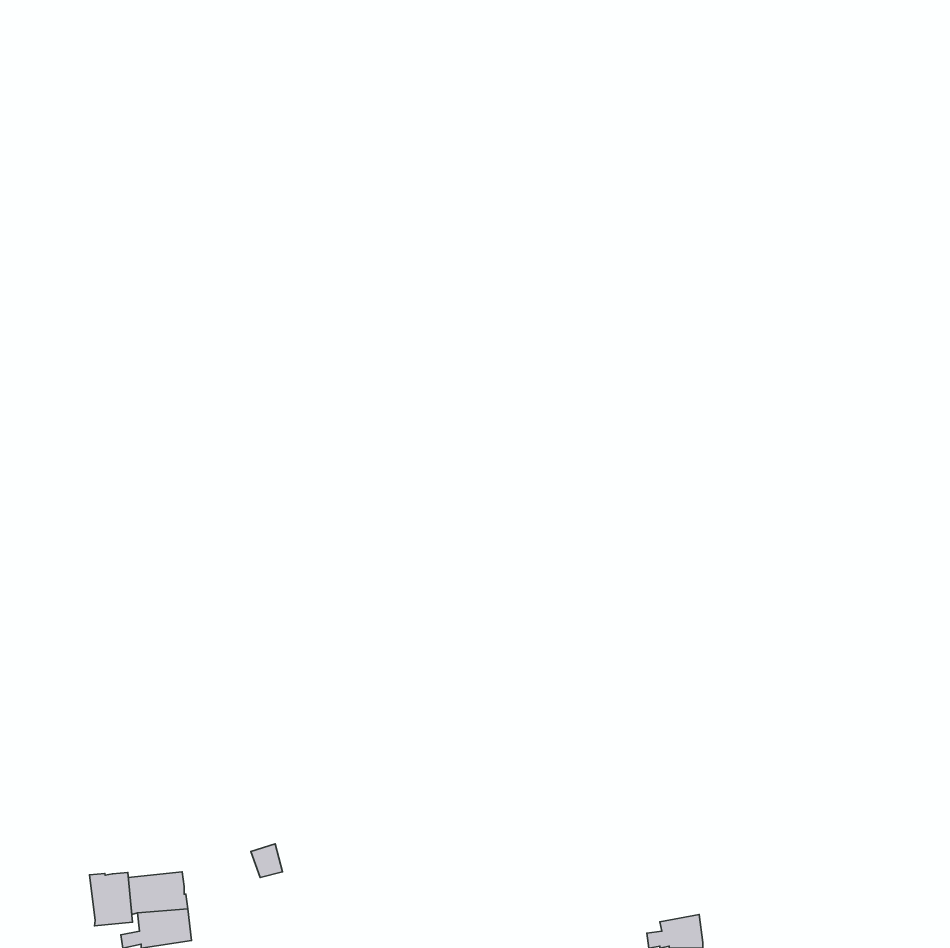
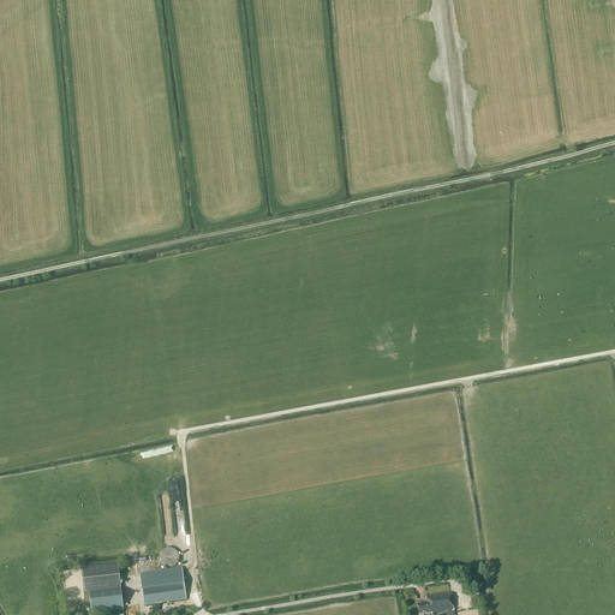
building: [89,873,133,926] -> none
building: none -> [139,567,186,603]

